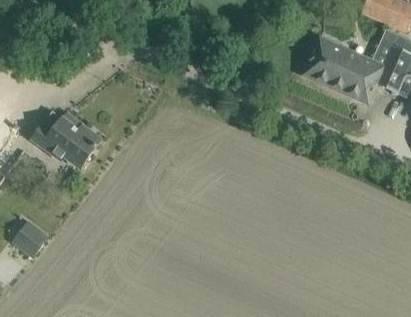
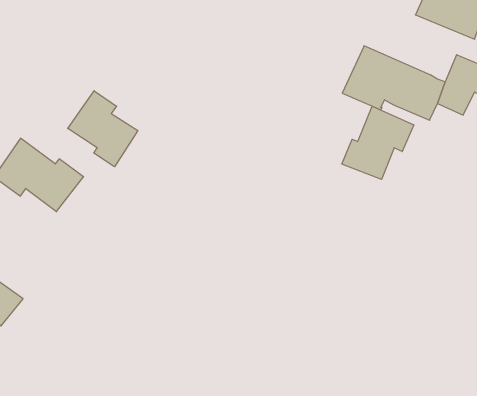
building: none -> [68,91,138,167]
building: none -> [342,106,414,179]

